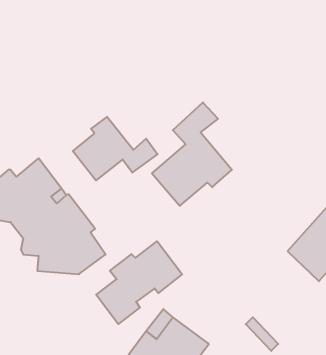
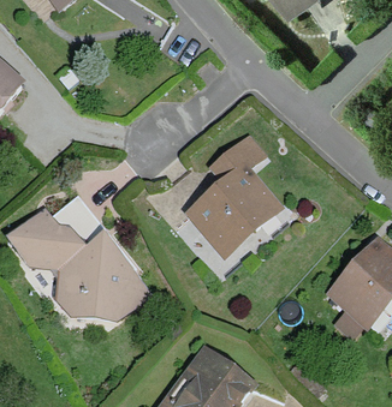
building: [73,117,158,180] -> none
building: [96,241,182,324] -> none

